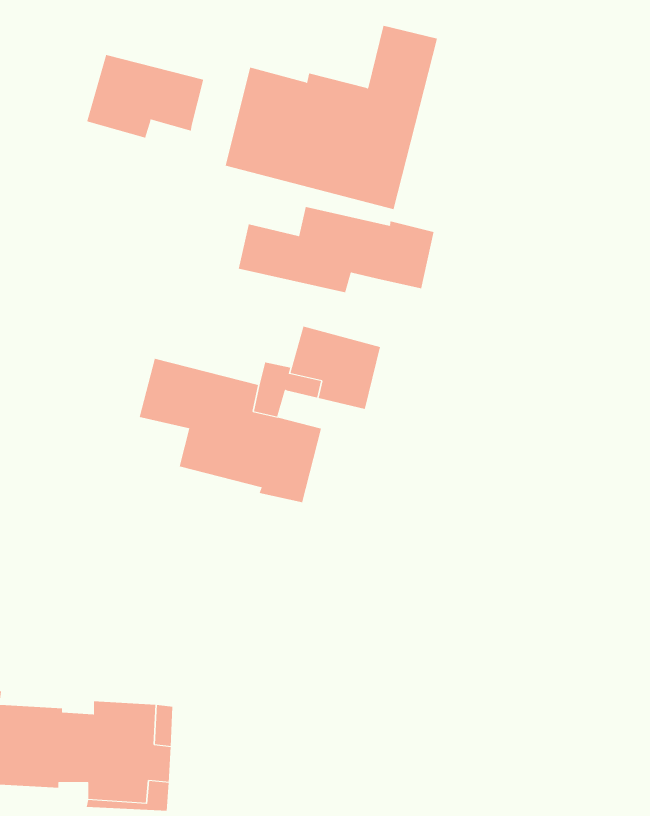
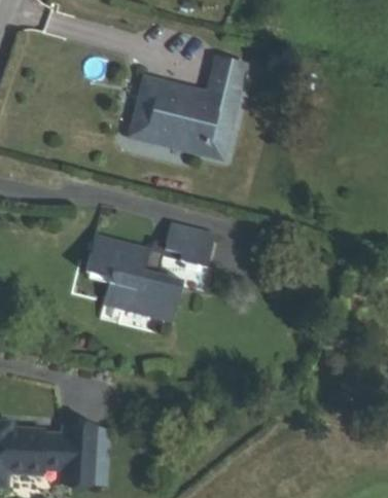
building: [87,54,204,138] -> none
building: [238,206,434,293] -> none

